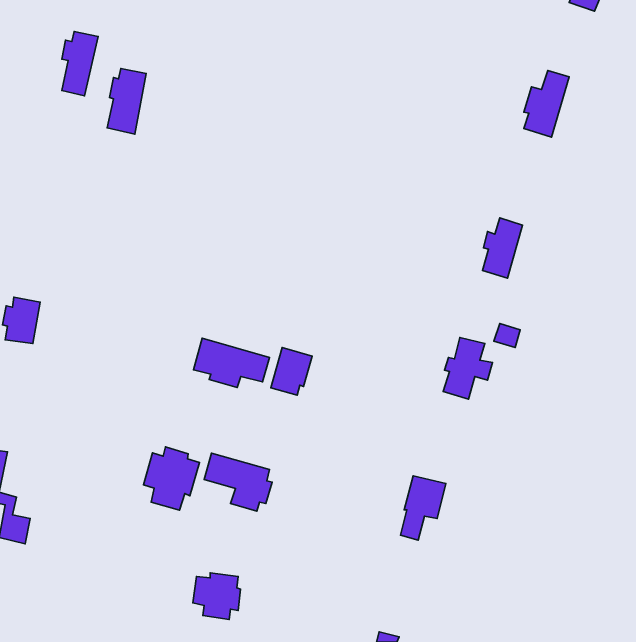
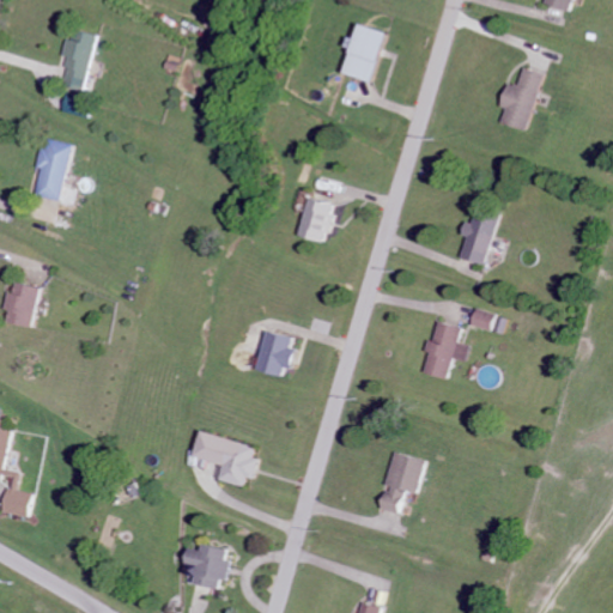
building: none -> [345,23,388,81]
building: [107,69,146,134] -> [32,139,69,201]
building: none -> [296,193,336,242]
building: [194,338,269,388] -> none
building: [144,447,200,510] -> none

